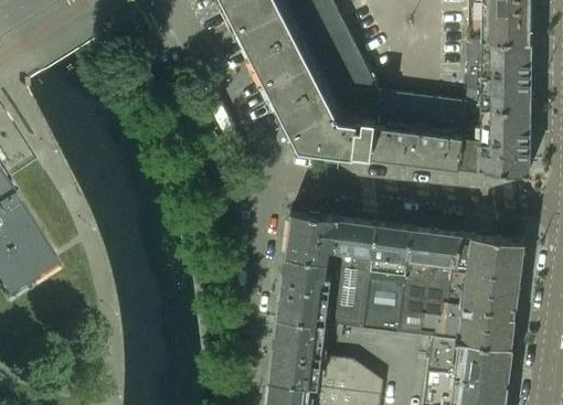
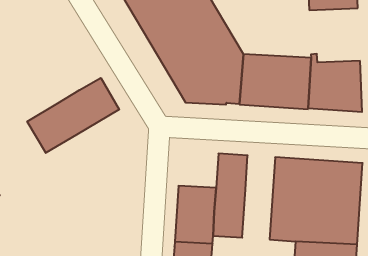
building: [466,42,530,111] -> none
building: none -> [27,78,119,153]
building: [285,215,339,265] -> none
building: [363,225,412,335] -> none

